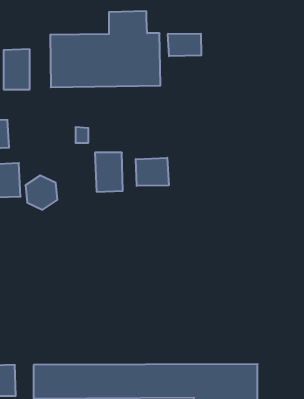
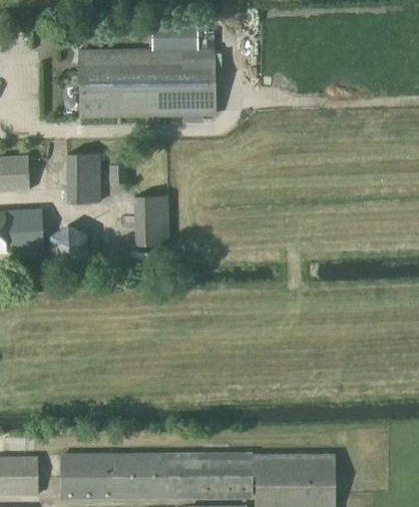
building: [168,34,201,56] -> none
building: [4,49,30,89] -> [67,152,99,201]
building: [136,158,169,186] -> none

